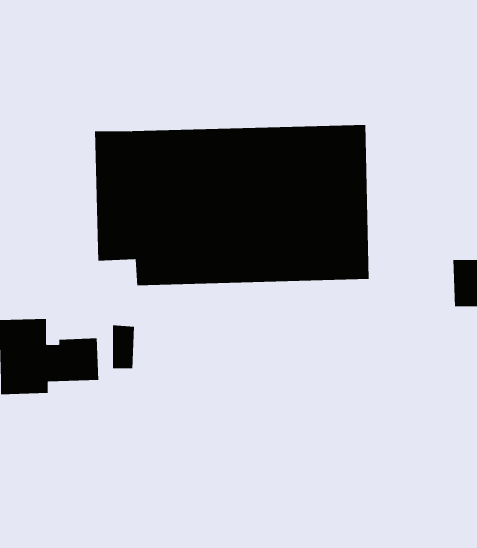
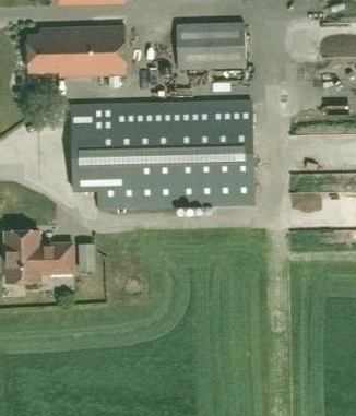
building: none -> [177,22,246,68]
building: none -> [27,25,126,75]

